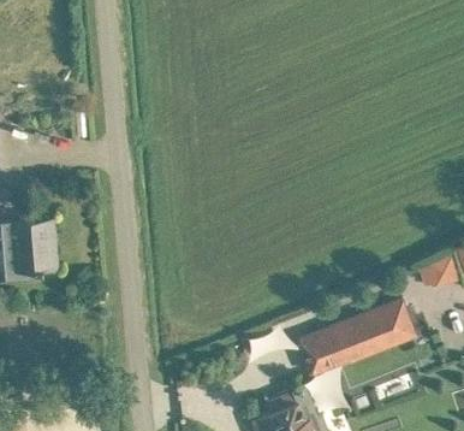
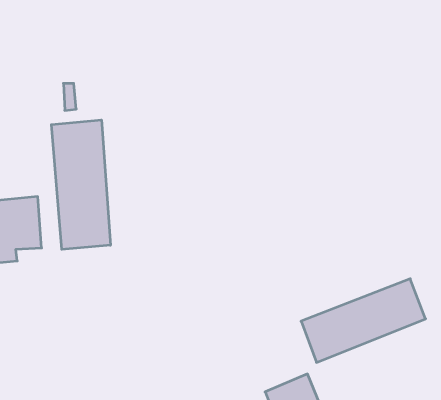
building: none -> [51,120,110,249]

